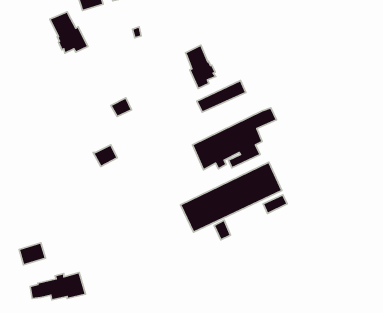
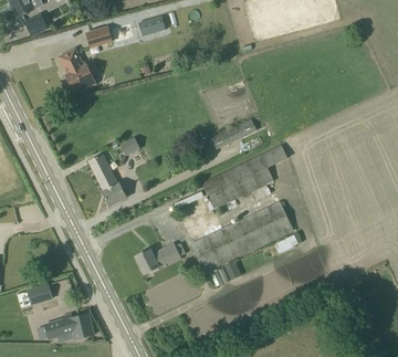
building: [185,45,216,88] -> none
building: none -> [88,153,119,190]
building: none -> [135,242,181,273]

